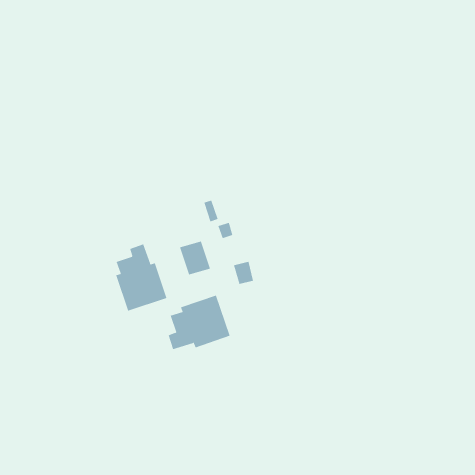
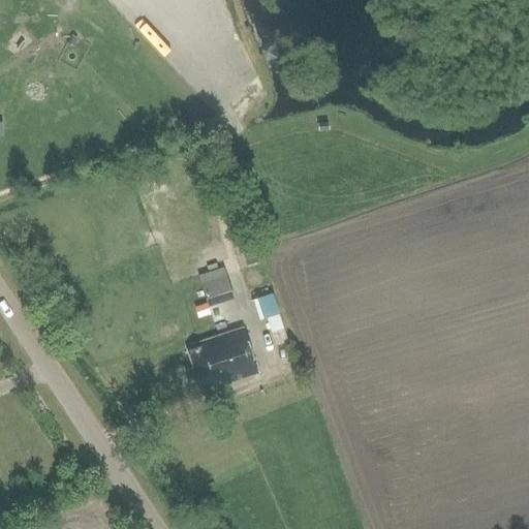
building: [116,243,167,311] -> none

